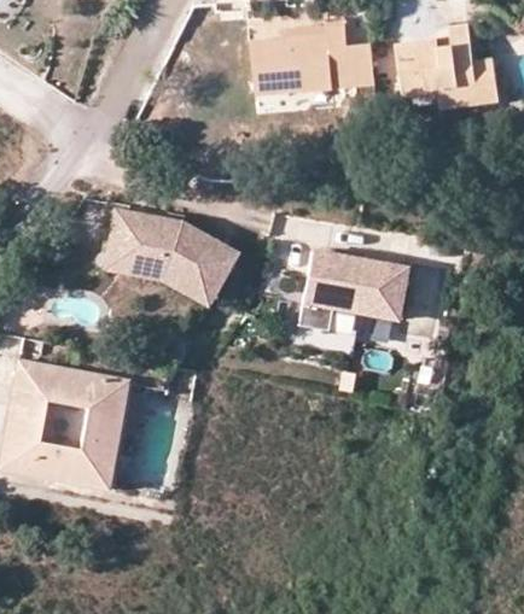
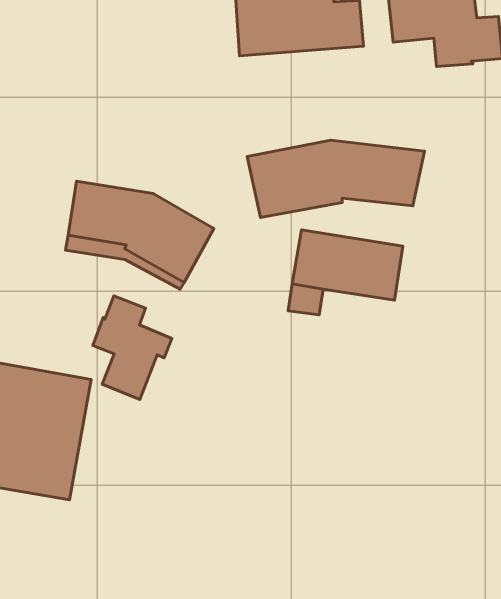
building: none -> [247,140,424,218]
building: none -> [93,296,172,400]

